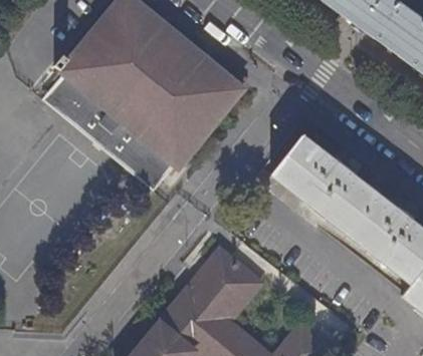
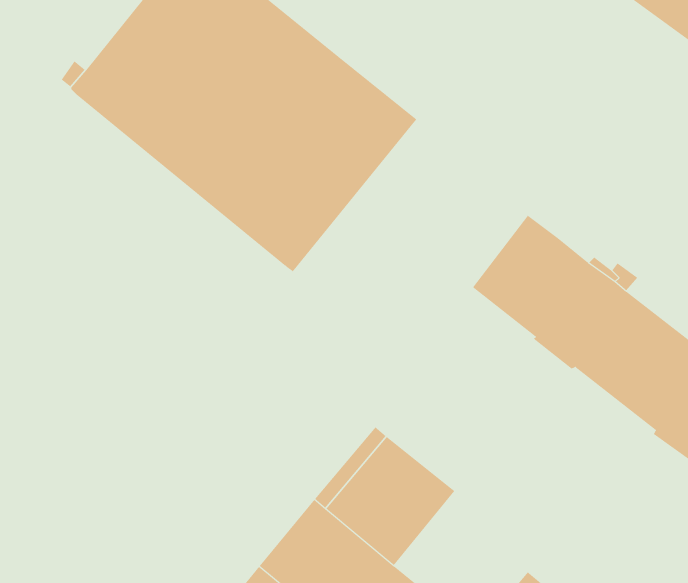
building: [41,73,173,189] -> none

